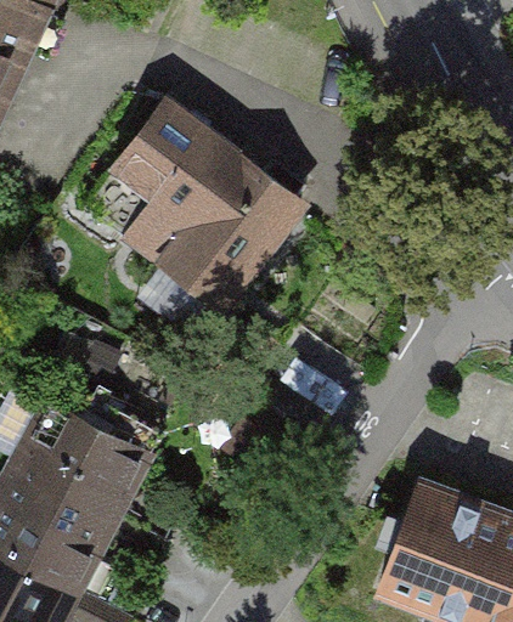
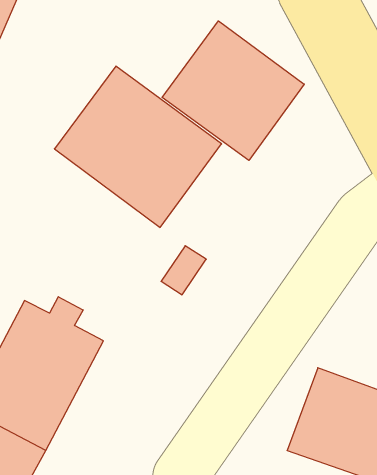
building: none -> [162,21,304,160]

